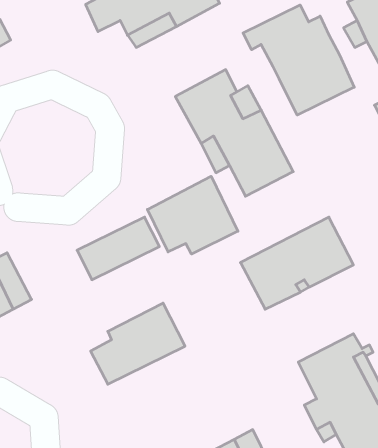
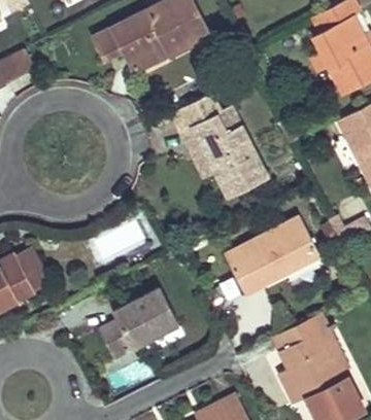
building: [243,5,354,115] -> none
building: [147,176,238,254] -> none

